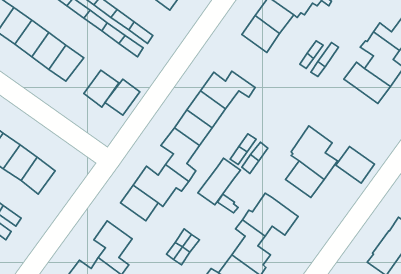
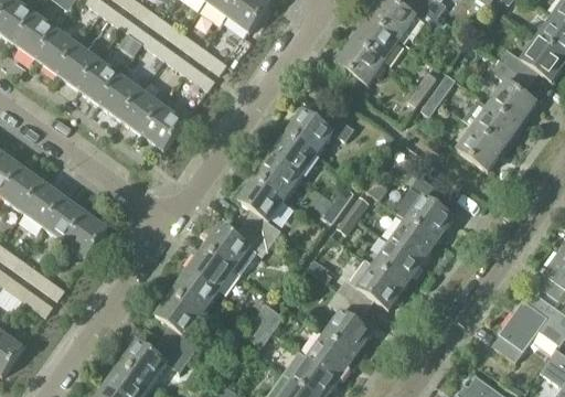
building: [105,79,140,115] -> [121,92,164,136]
building: [336,146,374,183] -> [458,126,505,171]
building: [198,158,240,205] -> none
building: none -> [375,242,423,287]
building: none -> [172,270,220,314]

